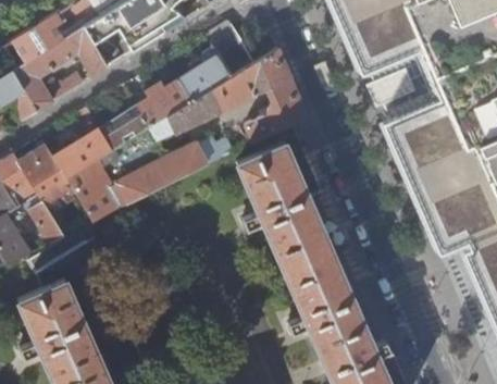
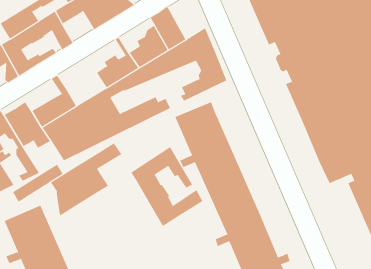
building: [99,86,150,149] -> none
building: none -> [50,142,122,216]
building: none -> [131,146,203,227]

